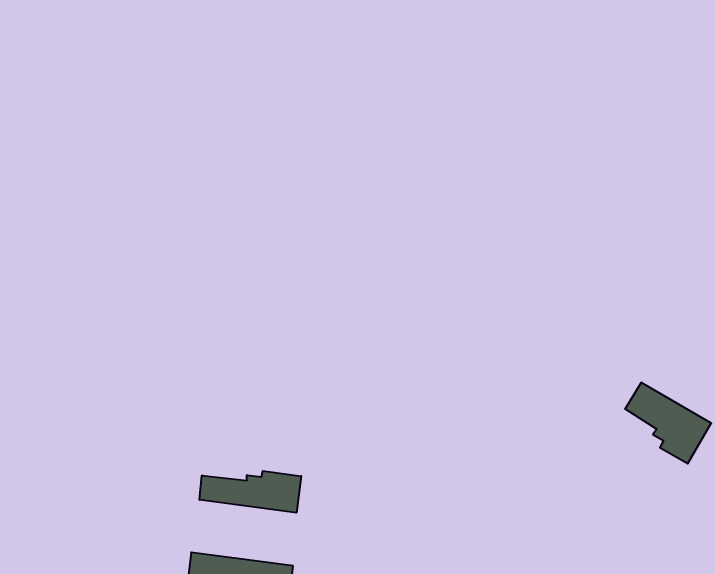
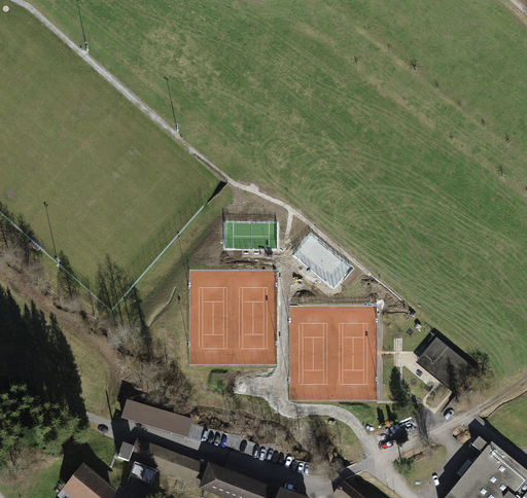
building: [200,471,301,513] -> none

